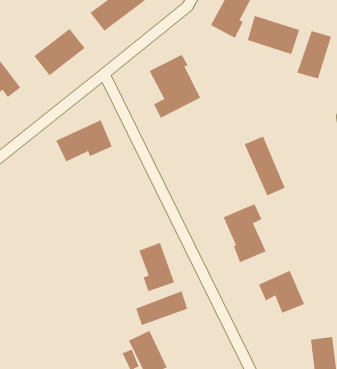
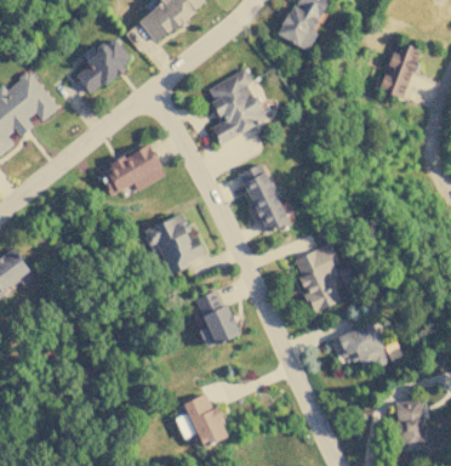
building: [247,15,300,55] -> none
building: [244,136,285,196] -> [240,164,289,234]
building: none -> [143,214,205,272]
building: [135,291,188,326] -> none

